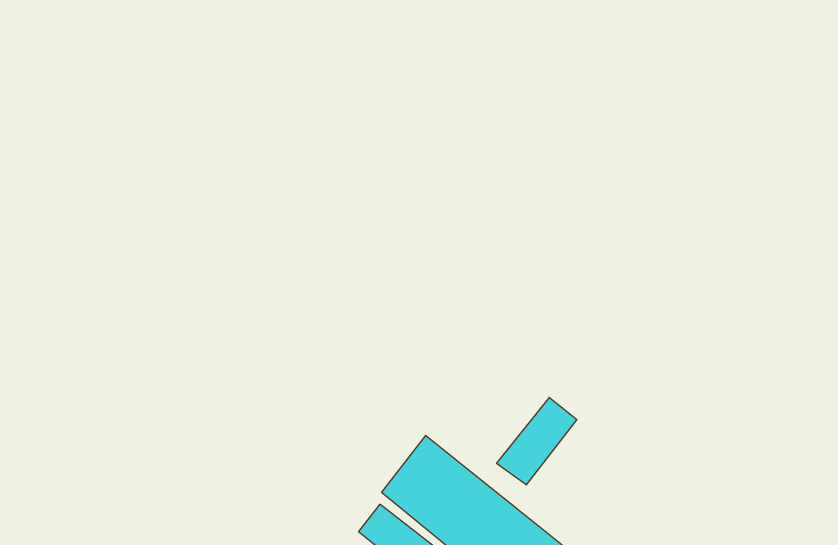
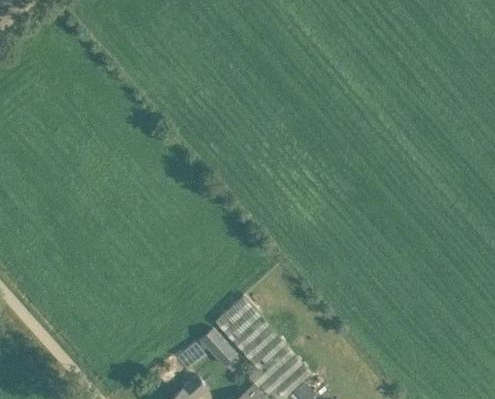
building: [497,397,577,485] -> none

